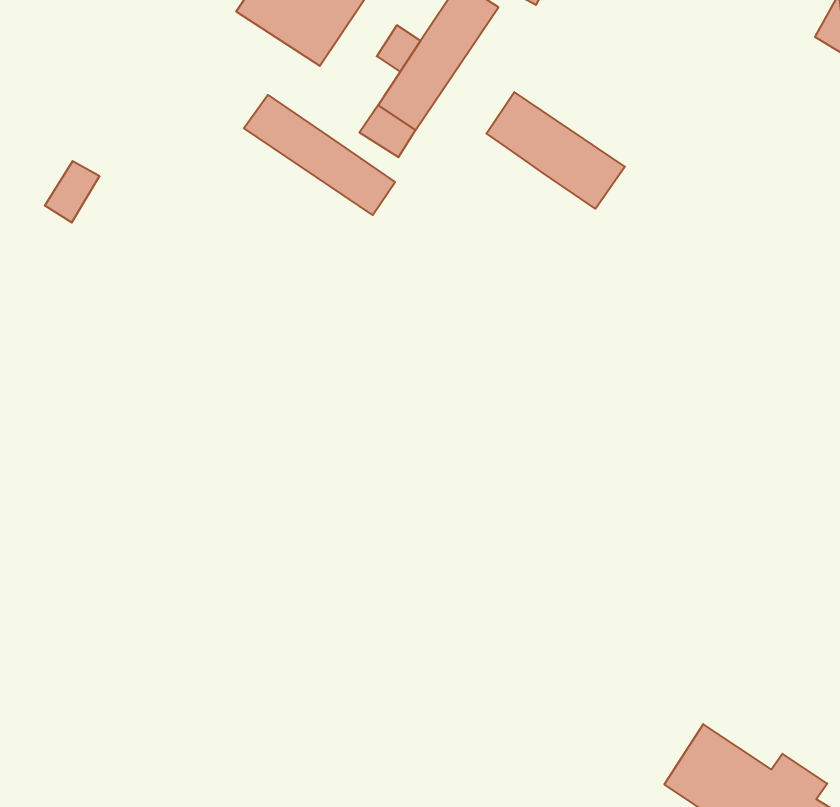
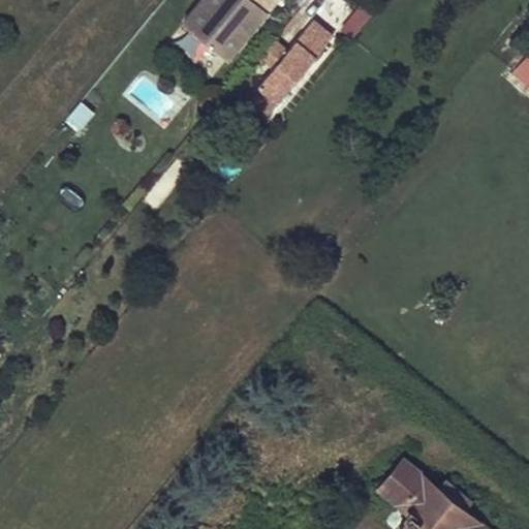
building: [486,92,625,209] -> none
building: [244,95,395,215] -> none

